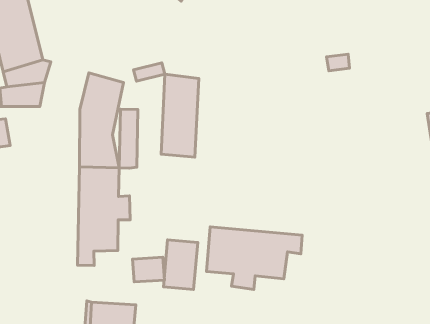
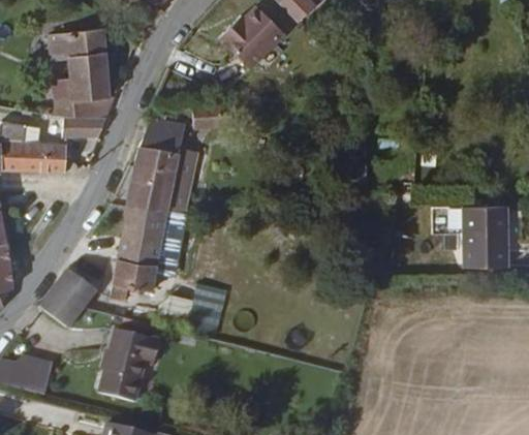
building: [161,74,199,157] -> none
building: [206,227,302,290] -> none
building: none -> [40,267,97,324]

